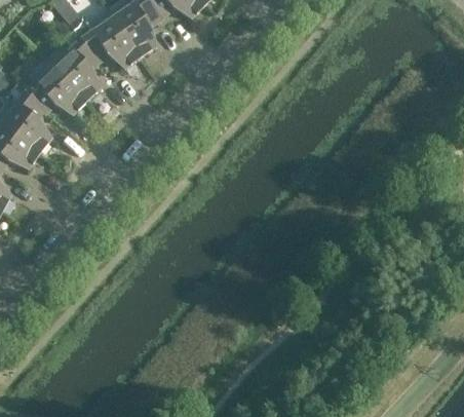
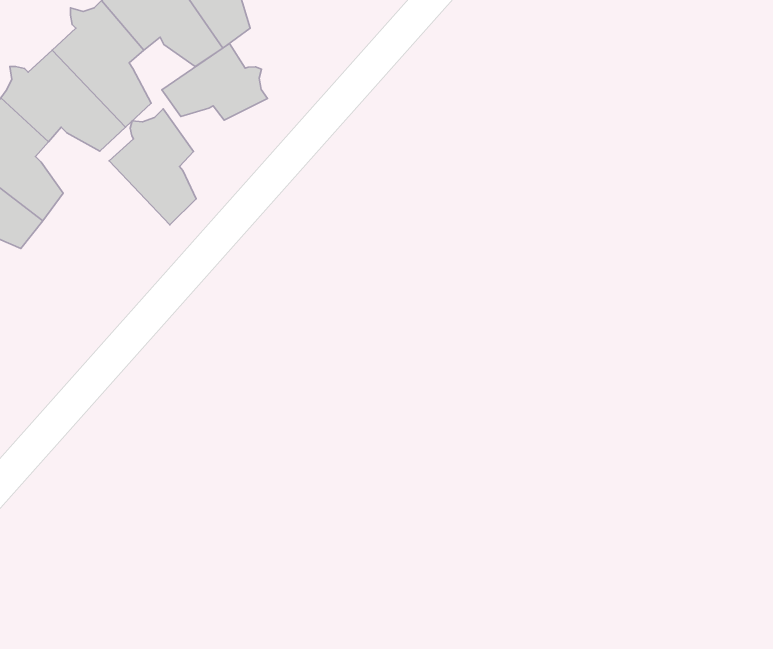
building: none -> [162,44,267,120]
building: none -> [109,109,196,225]

